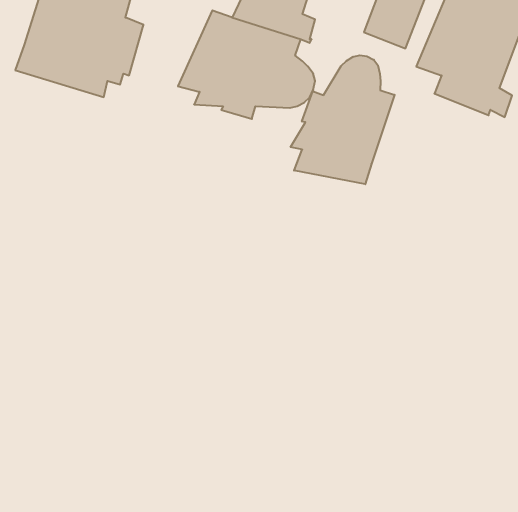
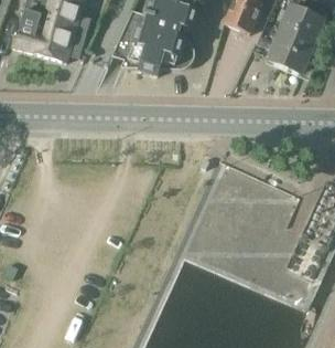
building: [291,55,395,184] -> none

